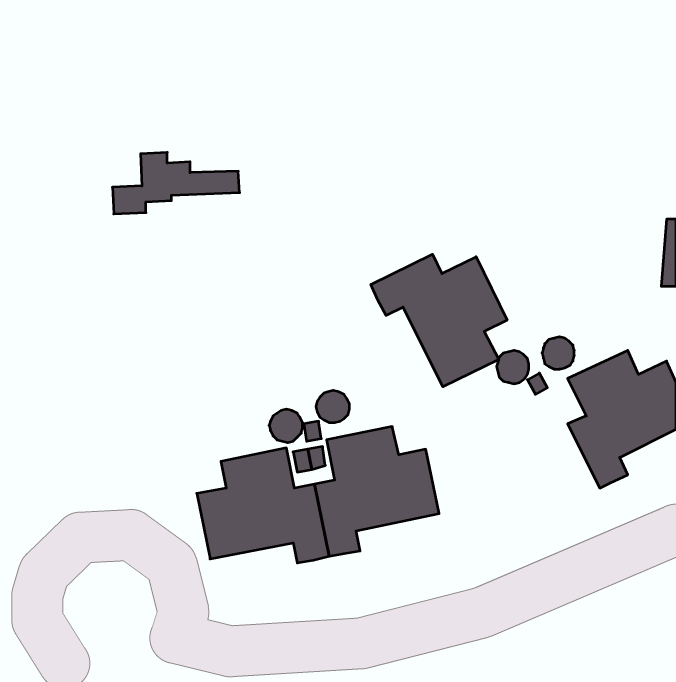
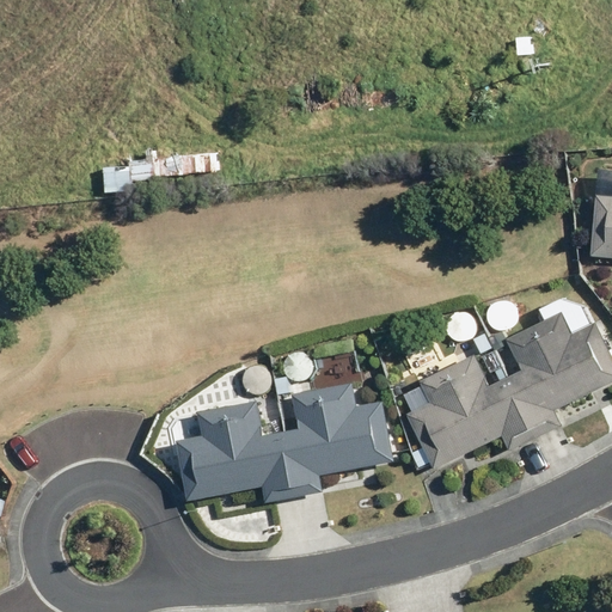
building: [371,254,507,387] -> none
building: none -> [408,355,536,467]

